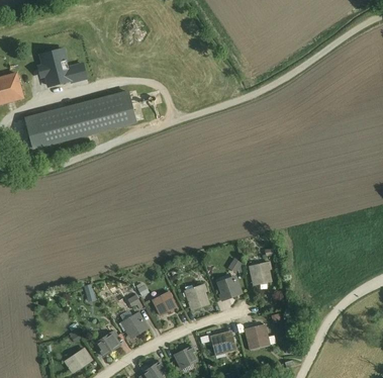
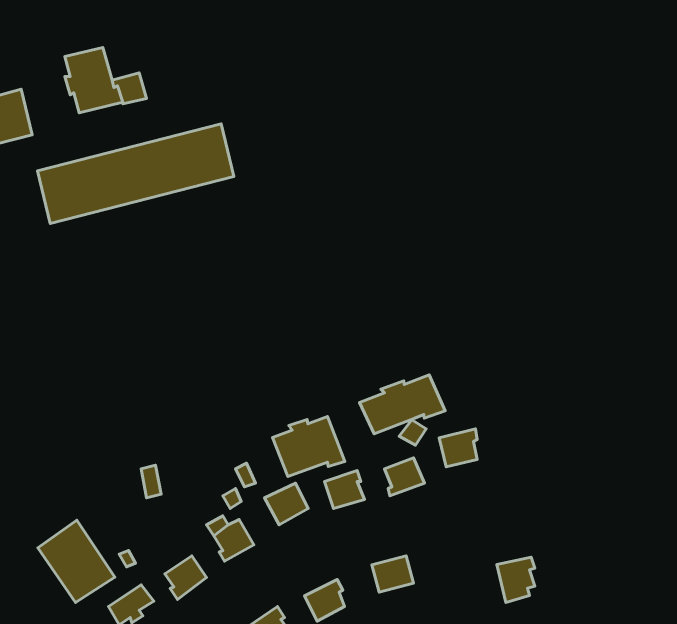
building: none -> [360,375,445,434]
building: none -> [272,417,345,477]
building: none -> [38,520,115,602]
building: [245,325,266,351] -> [497,557,535,603]

